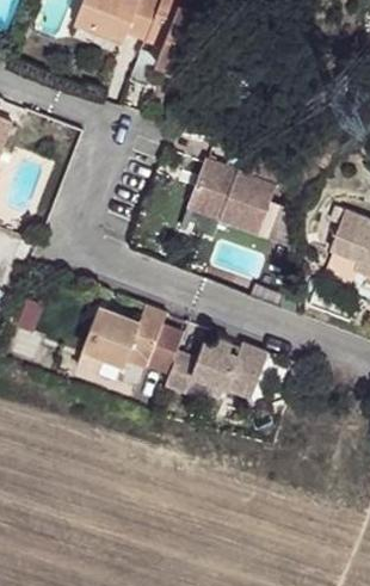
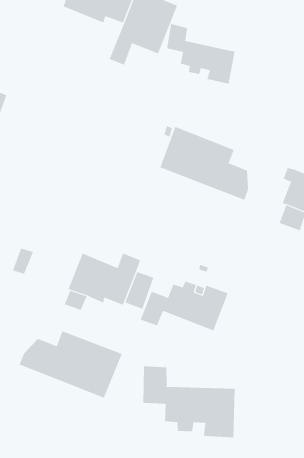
building: none -> [166,23,235,85]
building: none -> [19,331,122,399]
building: none -> [143,366,235,438]

